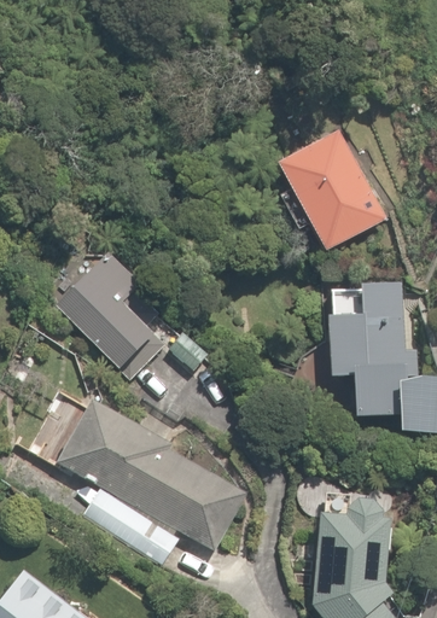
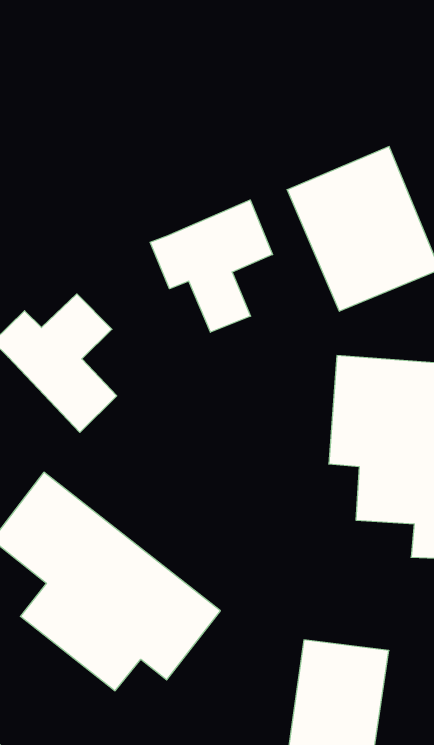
building: none -> [150,200,273,332]

